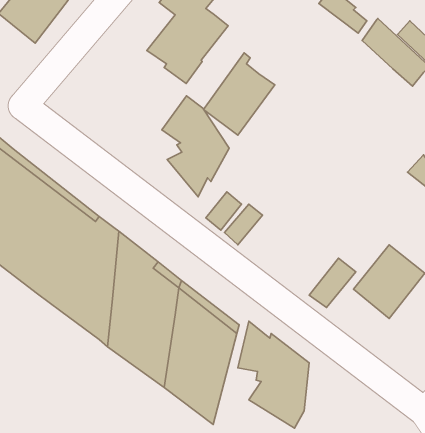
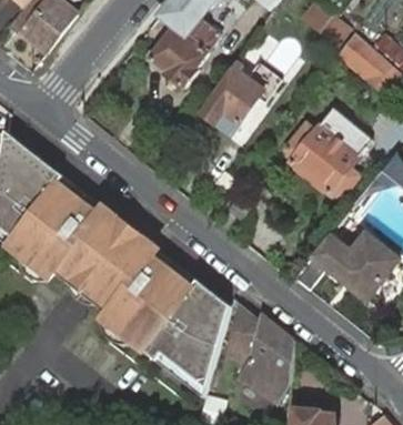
building: [162,96,229,197] -> none
building: none -> [284,110,372,198]

